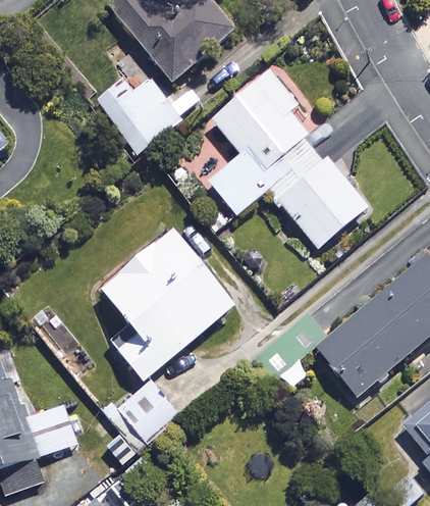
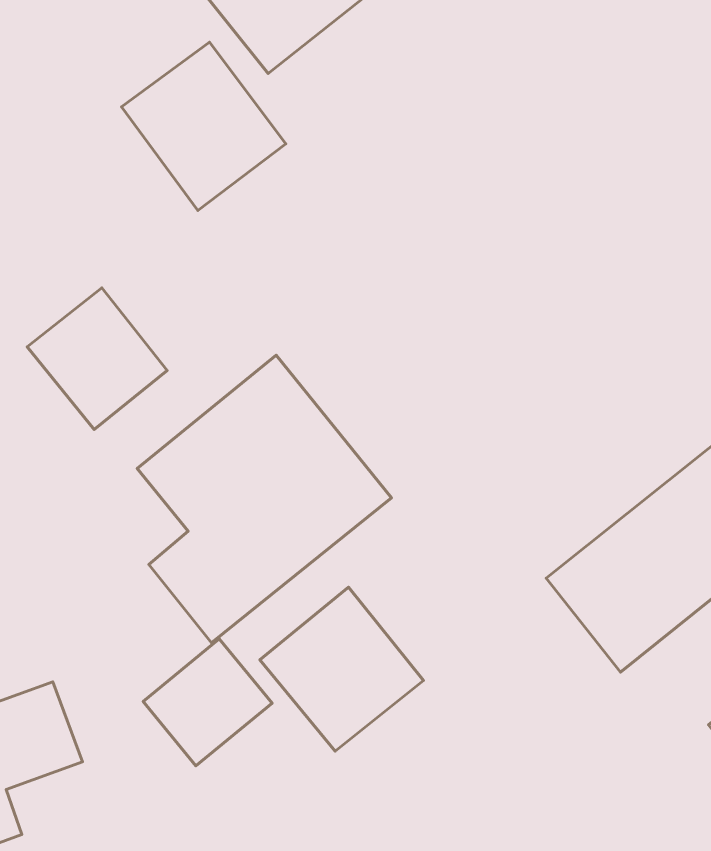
building: [208,71,368,248] -> none
building: none -> [27,288,167,430]
building: none -> [260,587,423,751]

